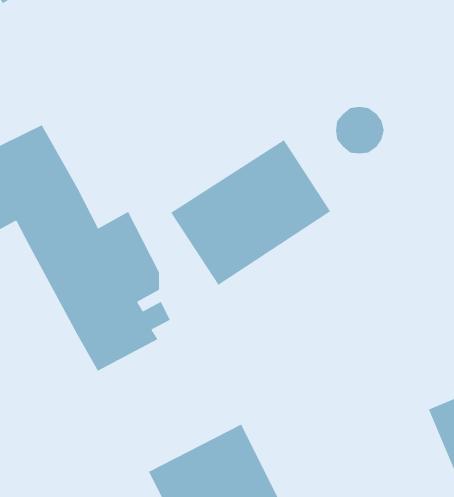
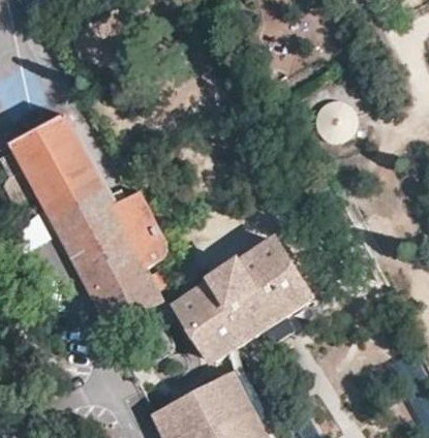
building: [170,139,331,286] -> [174,238,312,364]

